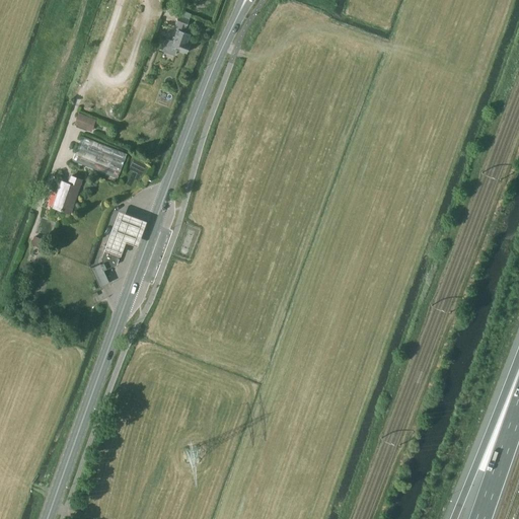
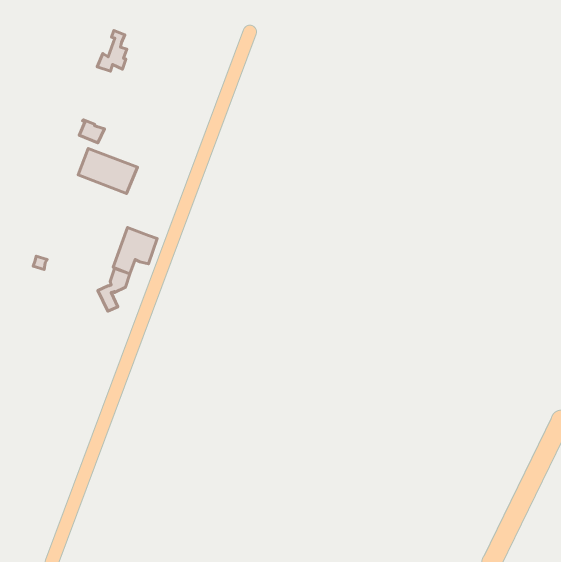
building: [162,17,190,55] -> [97,31,127,71]
building: [54,174,81,212] -> none

